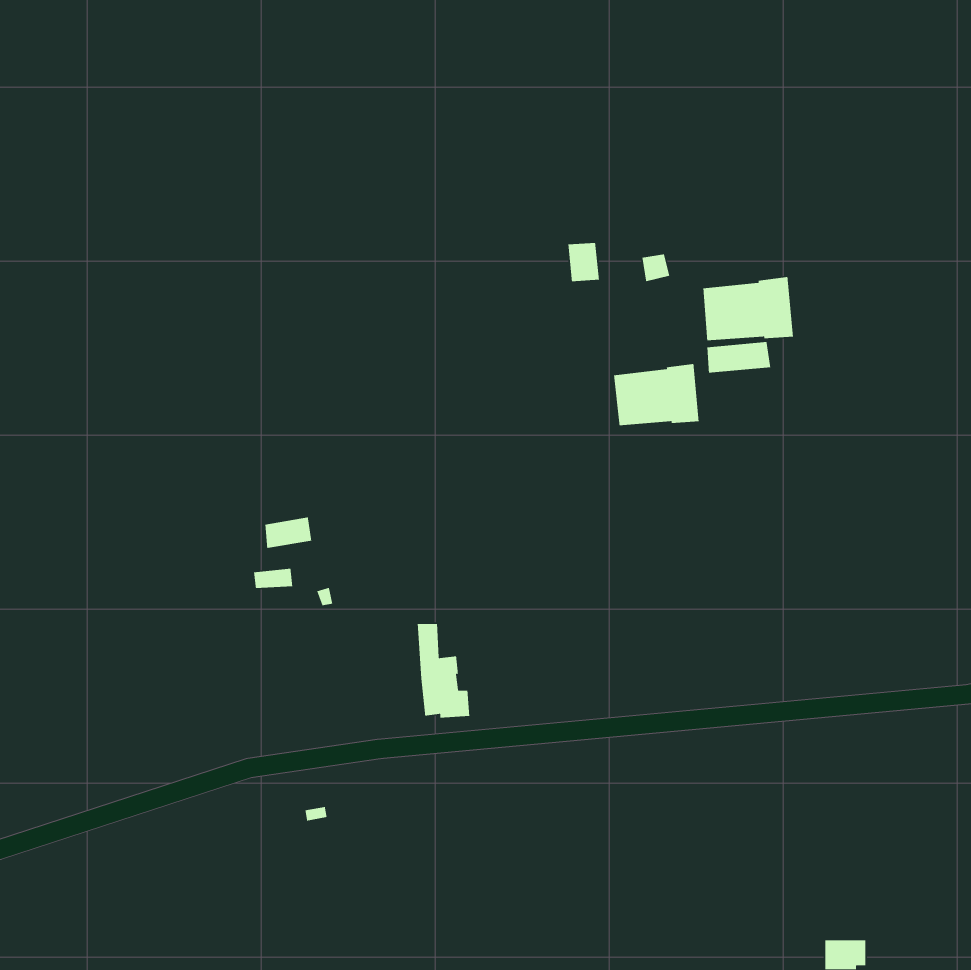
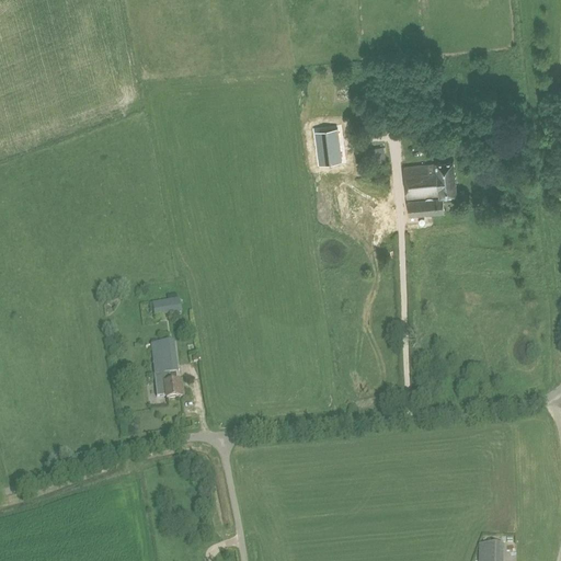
building: [613,363,700,426] -> none
building: [417,623,470,718] -> [151,342,182,397]

